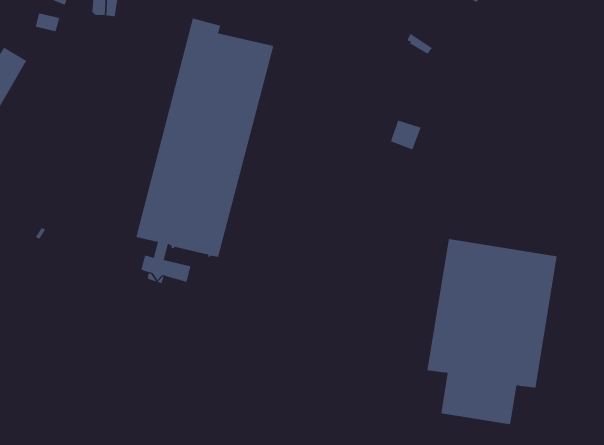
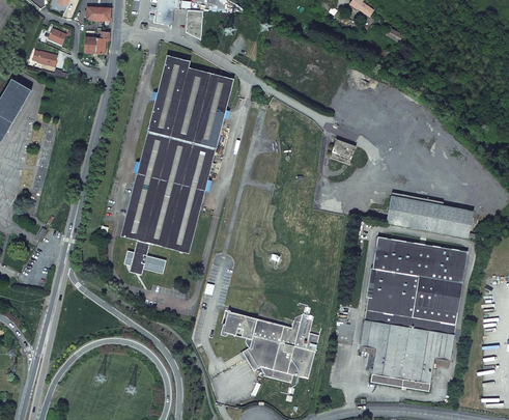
building: none -> [386,195,473,237]
building: none -> [221,310,319,383]

